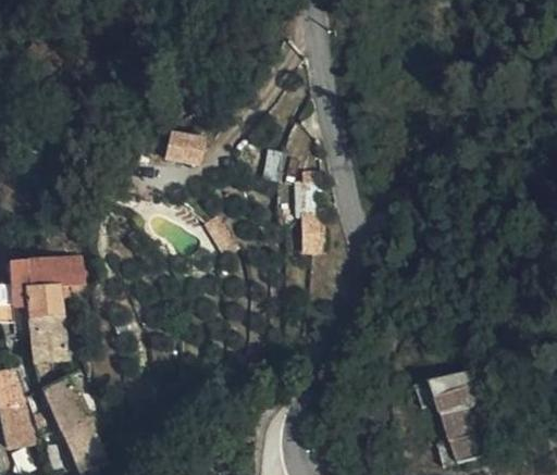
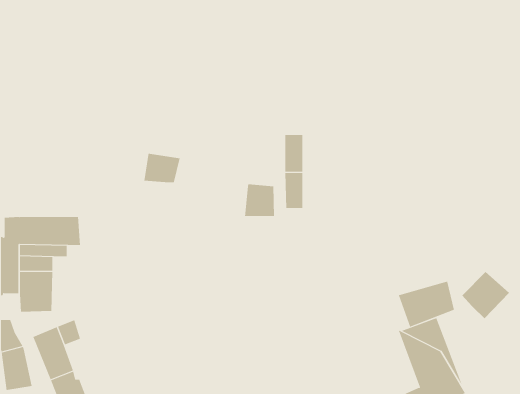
building: [162,133,201,164] -> [144,153,181,183]
building: none -> [245,184,275,217]
building: none -> [461,271,510,319]
building: none -> [398,281,455,327]

